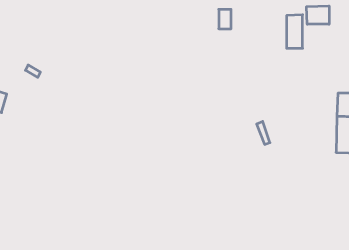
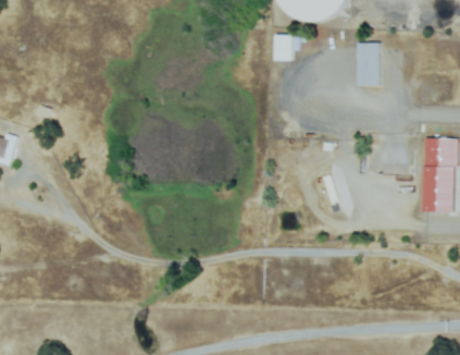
building: [307,6,329,24] -> none

